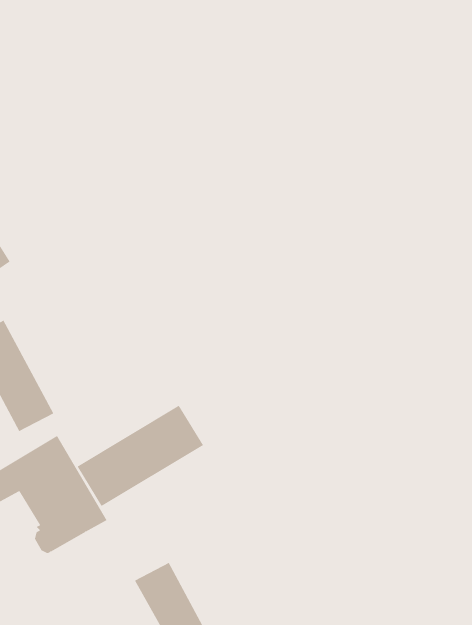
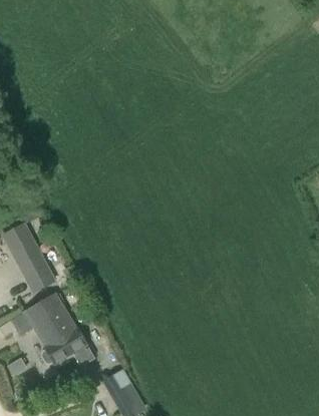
building: [77,405,204,507] -> none

